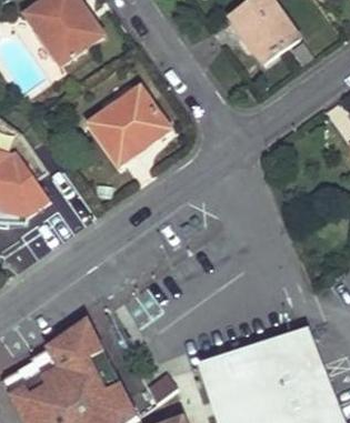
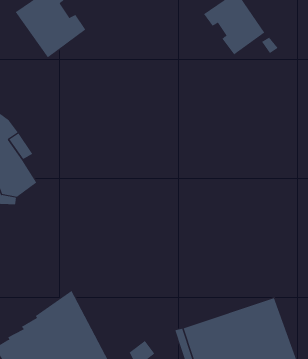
building: [89,88,170,165] -> none

